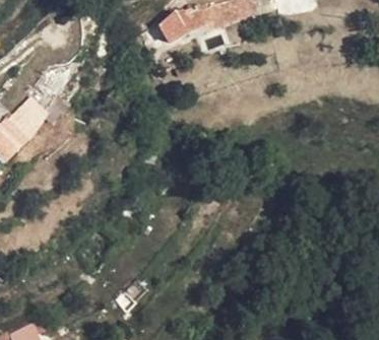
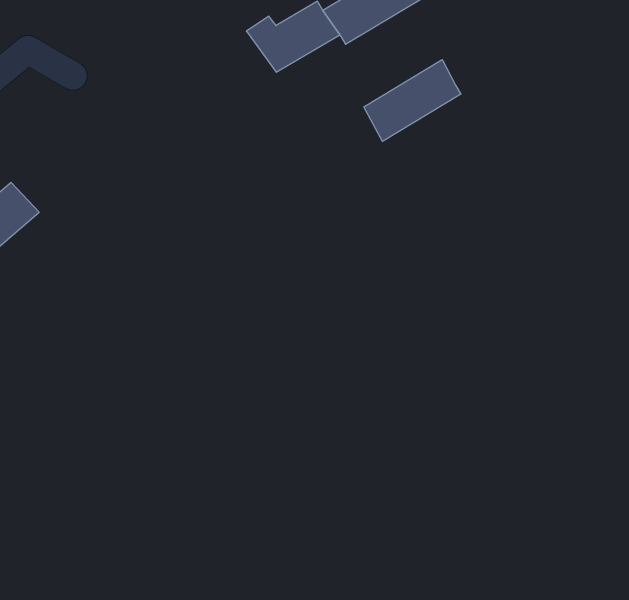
building: none -> [364,60,461,141]

